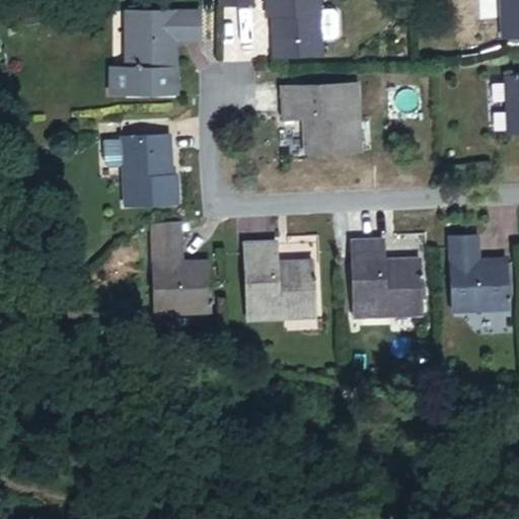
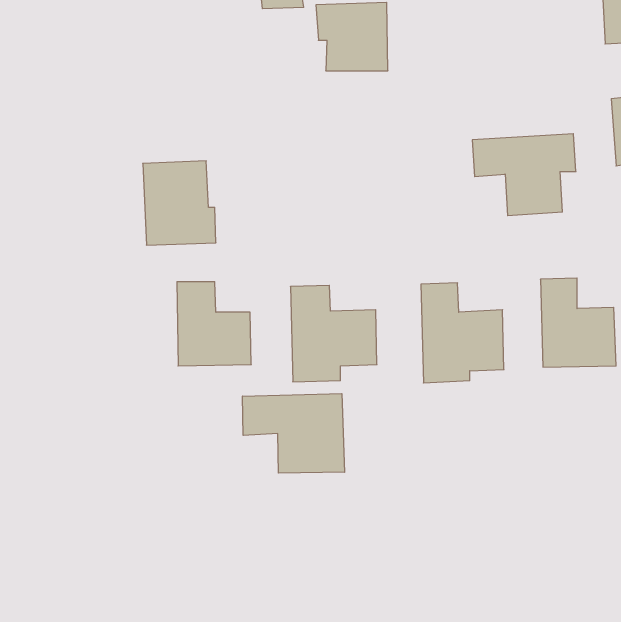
building: [112,11,205,92] -> none
building: [280,94,366,162] -> [472,134,576,216]
building: none -> [243,394,345,473]

